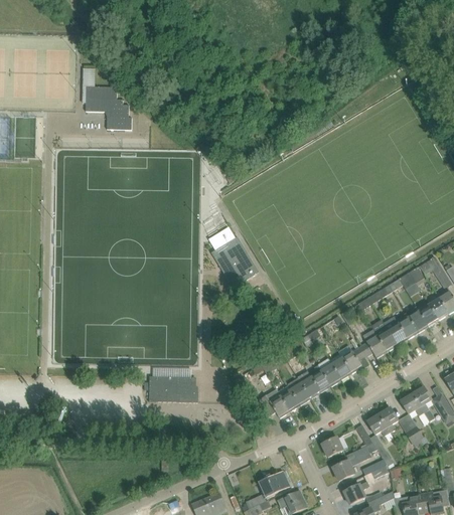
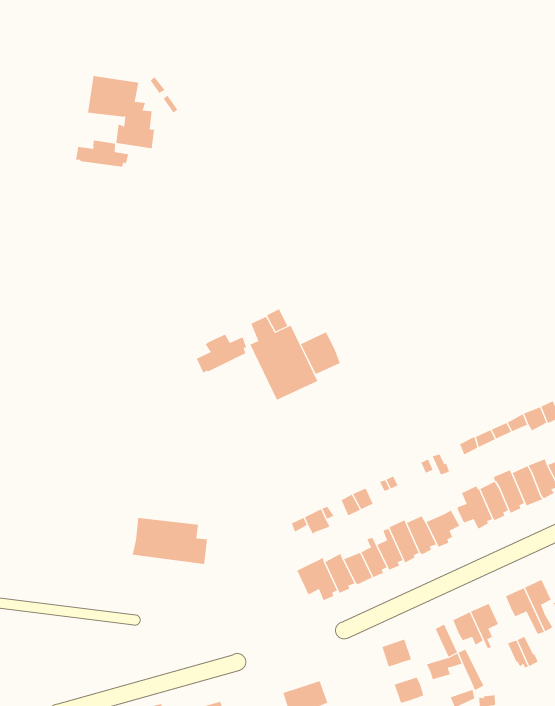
building: none -> [75,140,129,168]
building: none -> [300,331,340,375]
building: none -> [196,334,247,373]

